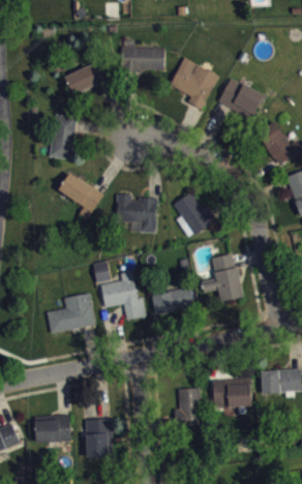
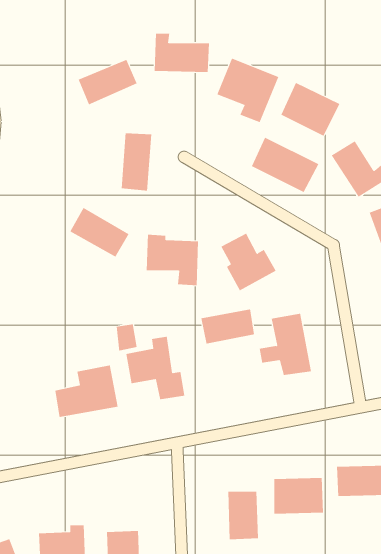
building: [51,115,74,159] -> [121,133,152,191]
building: none -> [251,137,319,193]
building: [151,288,192,314] -> [200,309,255,344]

